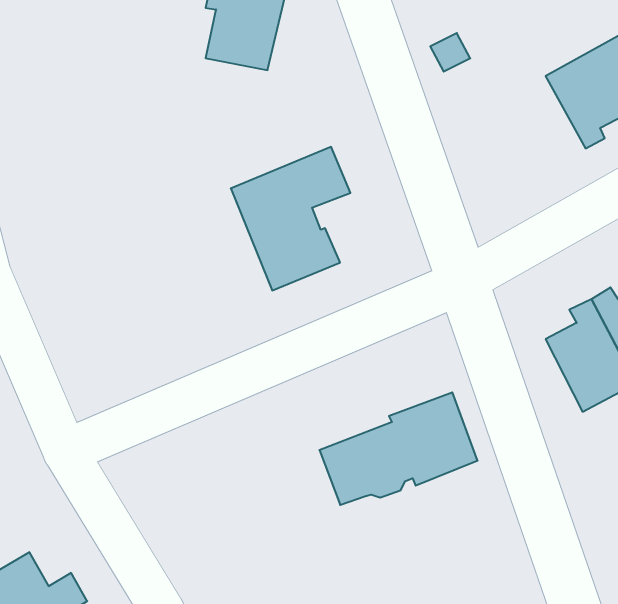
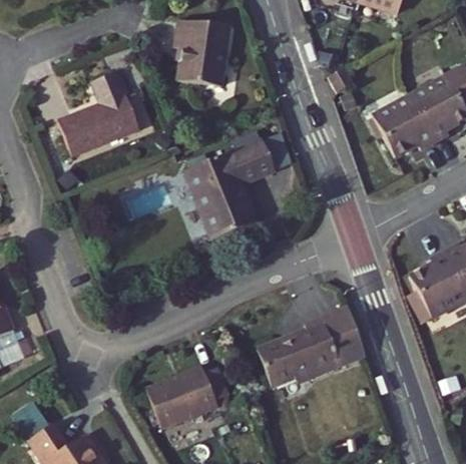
building: none -> [63,68,147,157]
building: none -> [373,94,436,156]
building: none -> [146,361,229,422]

